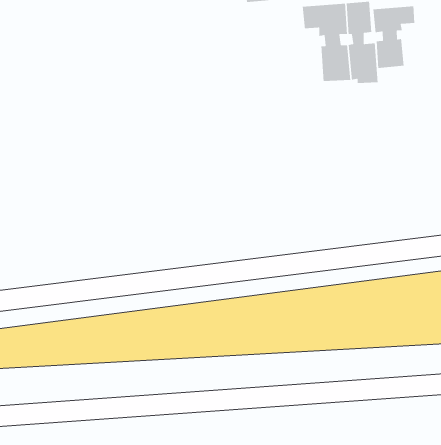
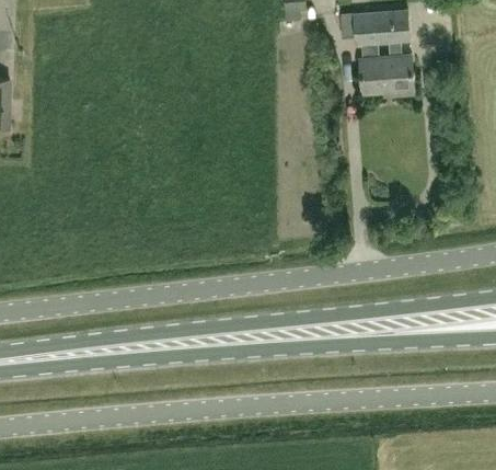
building: [373,6,415,69] -> none

